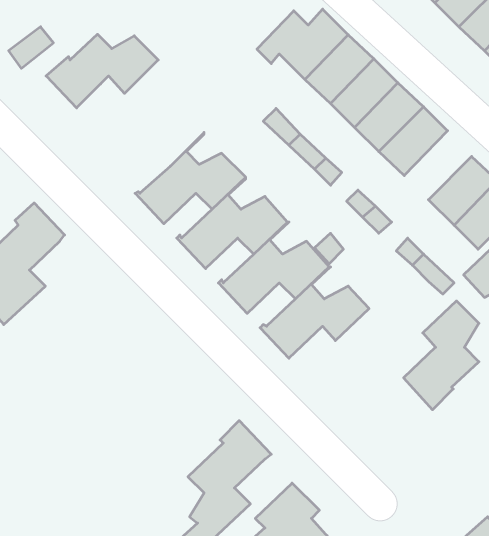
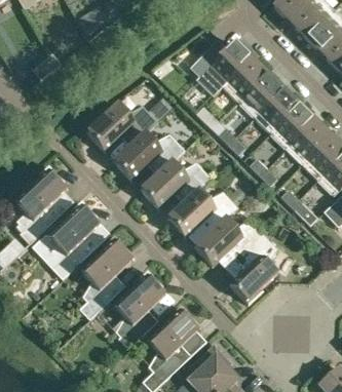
building: [46,34,158,108] -> [85,105,157,152]
building: none -> [286,120,329,164]
building: none -> [31,201,101,279]
building: [404,301,479,410] -> [229,234,277,304]
building: none -> [79,236,134,320]
building: none -> [114,271,166,349]

